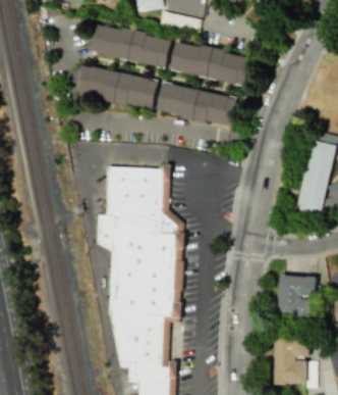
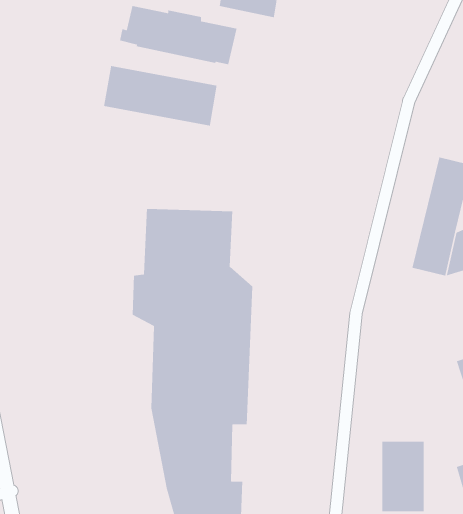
building: [171,40,251,83] -> none
building: [156,83,236,127] -> none
building: [278,276,317,316] -> none

